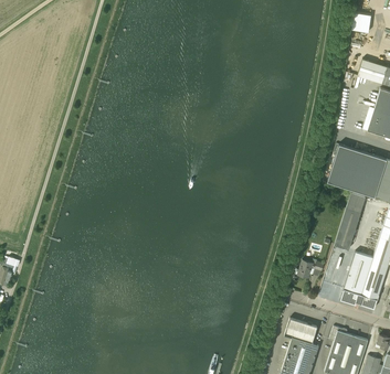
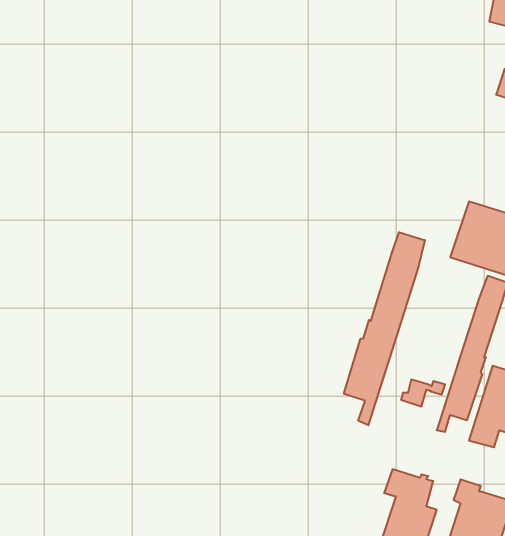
building: none -> [344,232,425,425]

